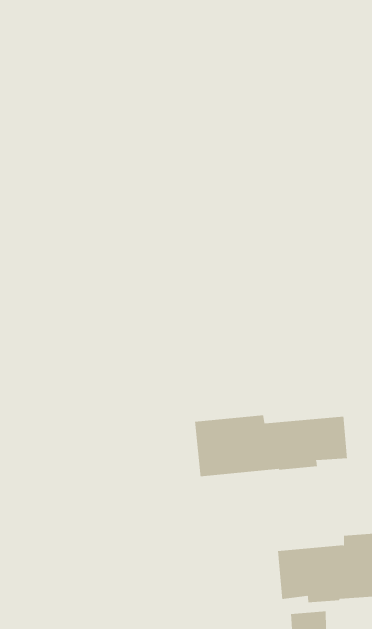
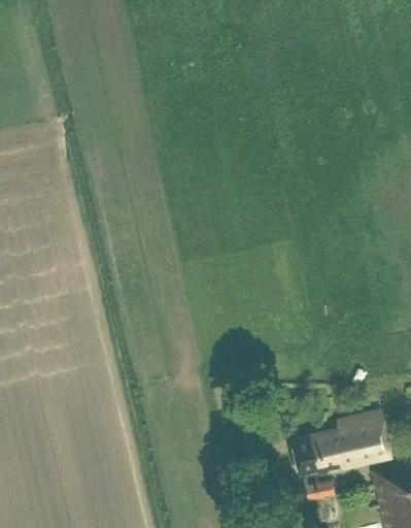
building: [195,415,348,477] -> none

